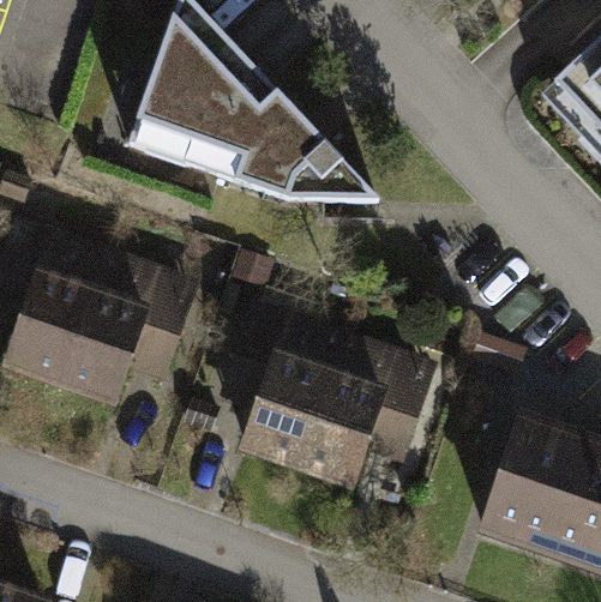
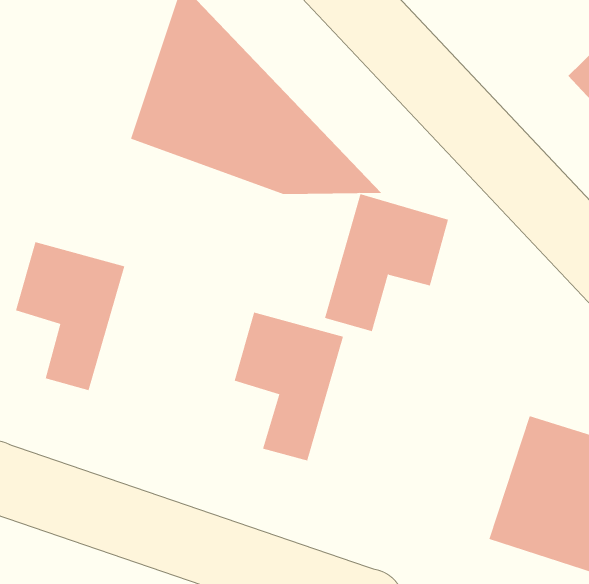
building: [92,269,215,403] -> none
building: [305,337,426,471] -> [324,194,449,332]

